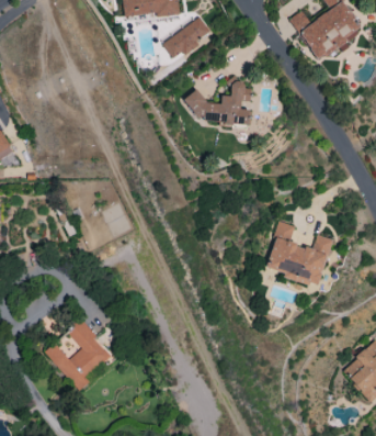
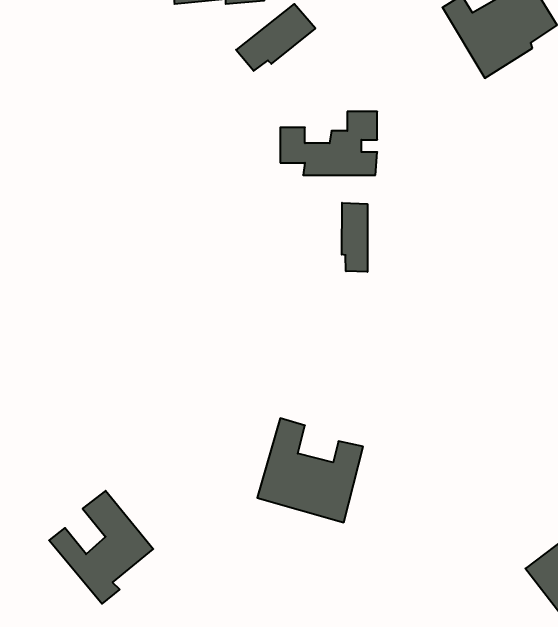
building: none -> [342,203,367,272]
building: [265,220,331,284] -> [257,418,363,522]

